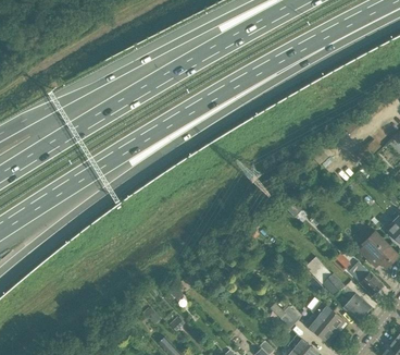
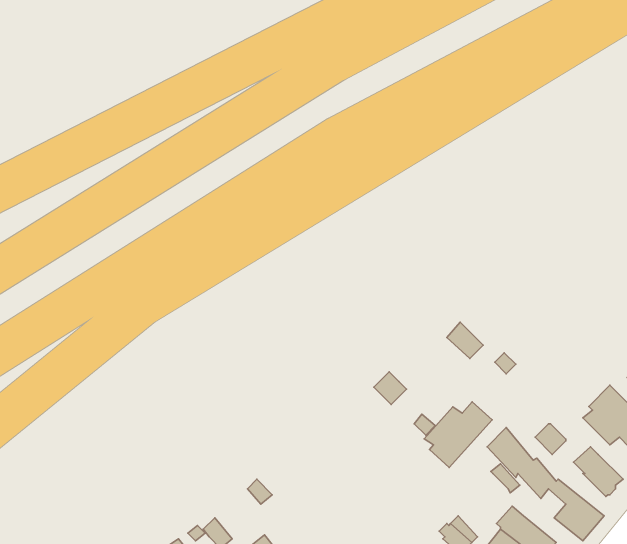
building: none -> [424,402,492,467]

